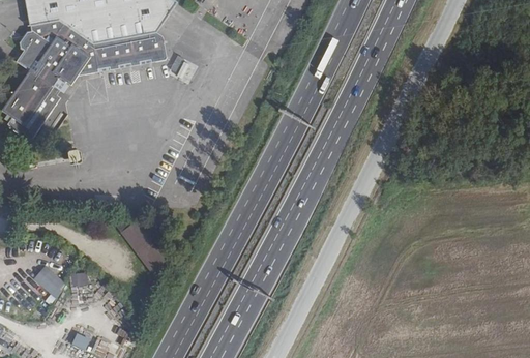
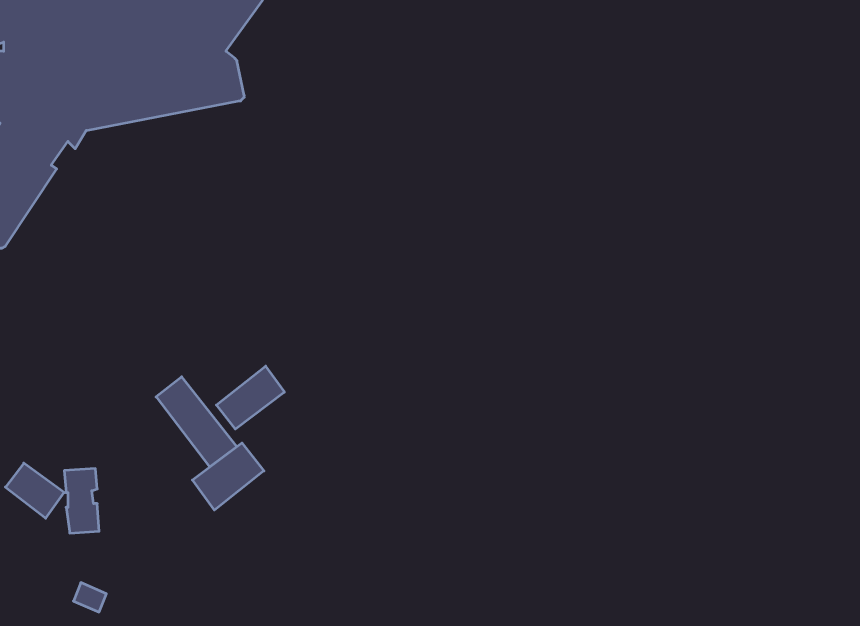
building: none -> [216,366,284,429]
building: none -> [192,443,264,510]

